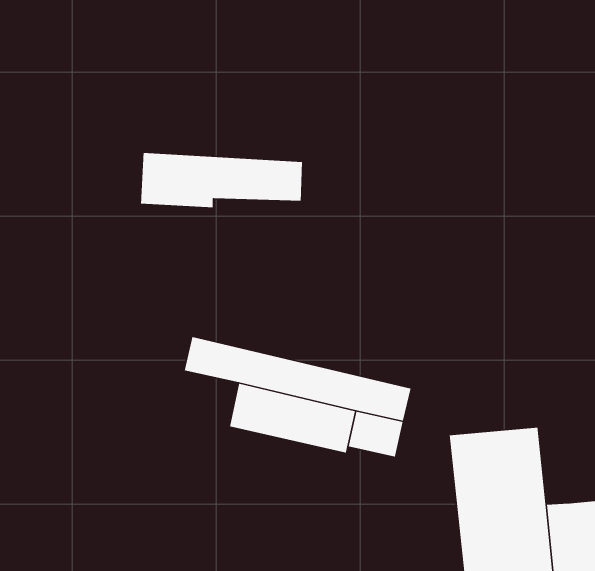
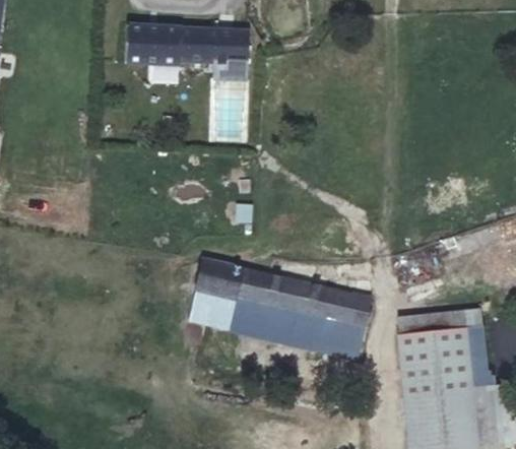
building: [140,152,303,208] -> [124,25,248,68]
building: none -> [188,285,237,328]
building: none -> [397,309,489,387]

